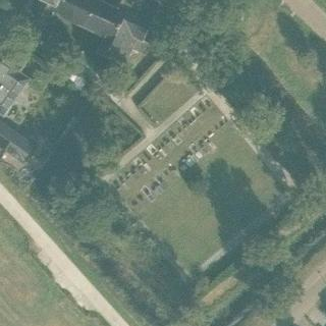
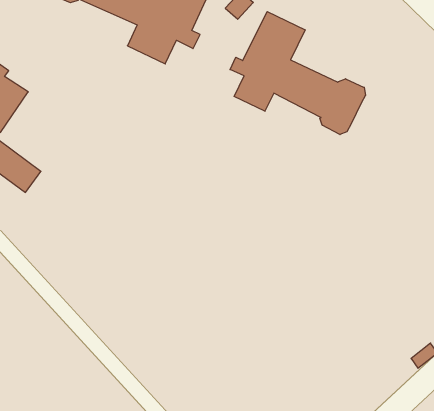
building: none -> [230,12,366,135]

